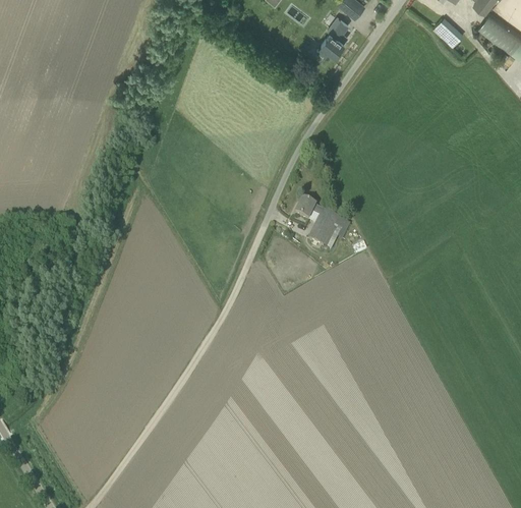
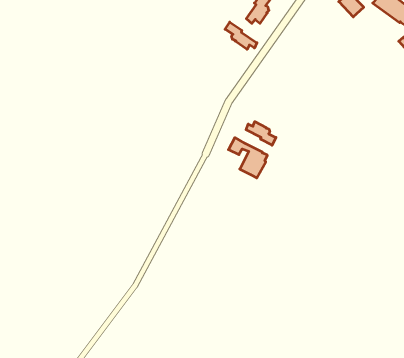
building: none -> [225,22,257,49]
building: none -> [246,122,276,145]

